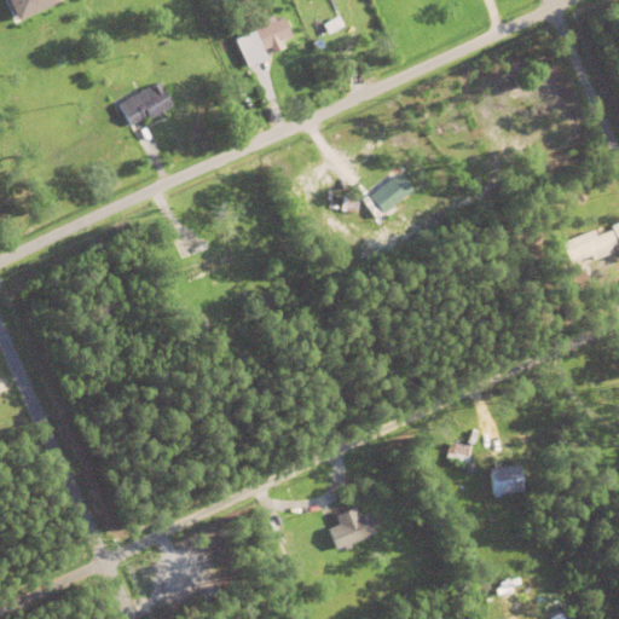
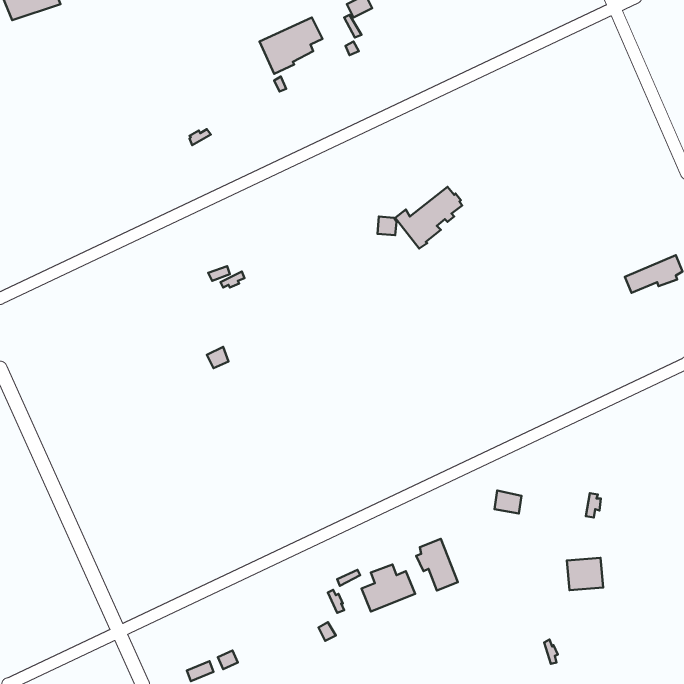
building: [120,79,174,125] -> none
building: [488,462,521,491] -> [567,558,603,590]
building: none -> [416,539,458,590]

